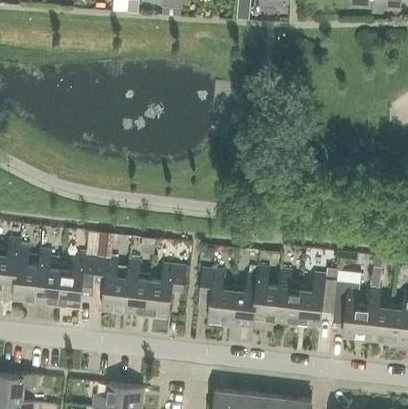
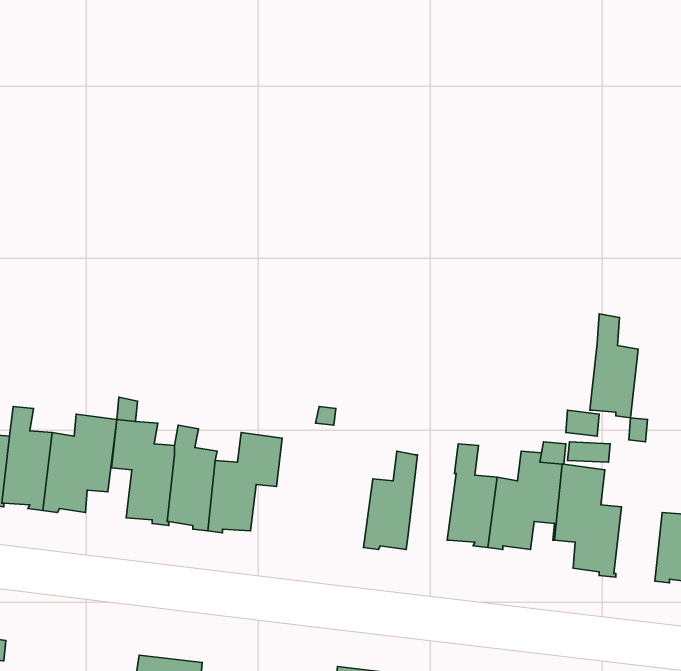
building: [252,267,278,323] -> none
building: [198,268,233,325] -> none
building: [363,287,389,343] -> [590,314,638,418]

